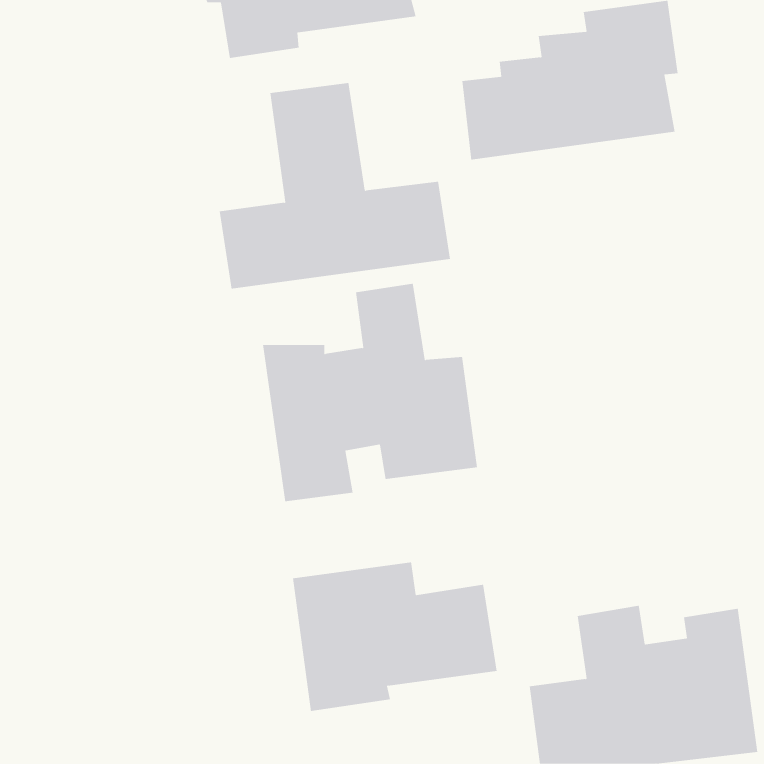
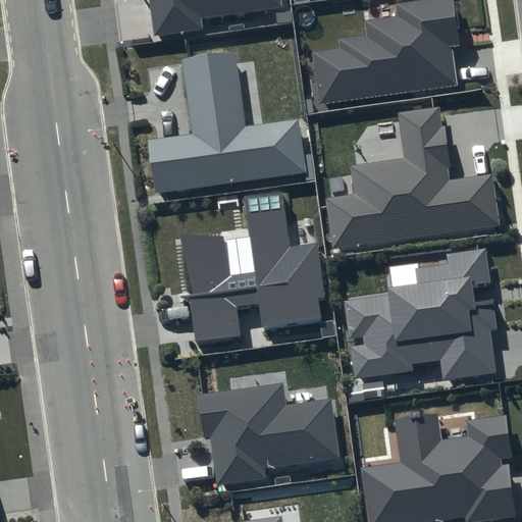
building: none -> [325,106,500,249]
building: none -> [343,248,497,378]

